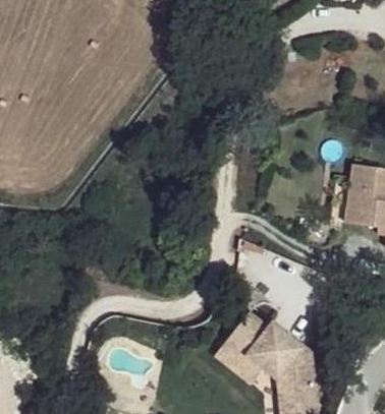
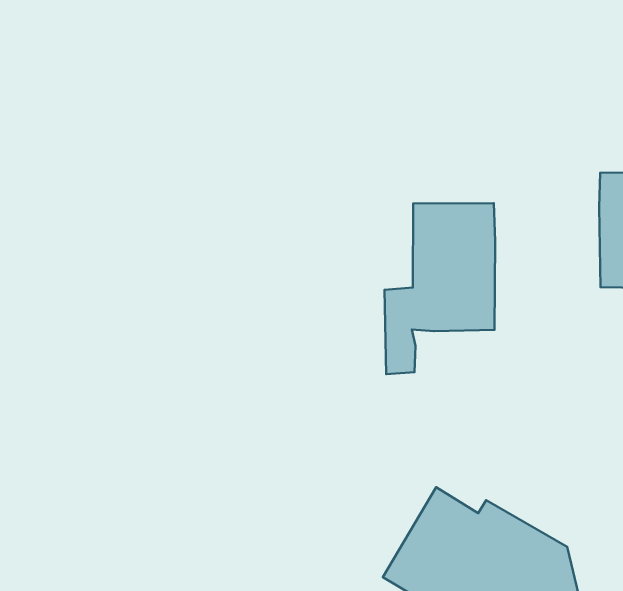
building: none -> [385,203,495,374]

